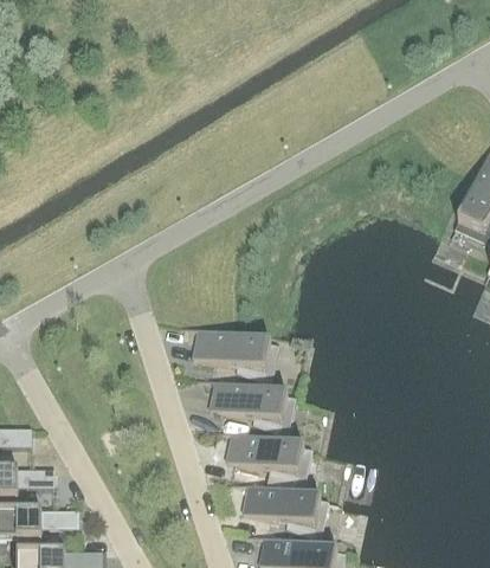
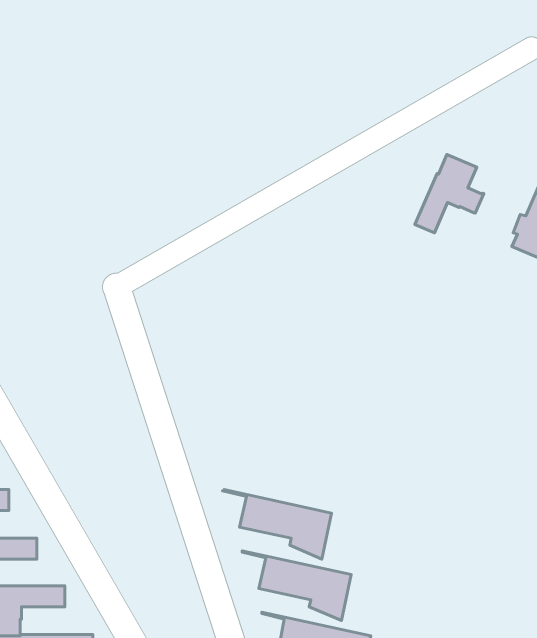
building: none -> [415,154,484,233]
building: [179,322,271,381] -> none
building: [195,374,288,433] -> none

